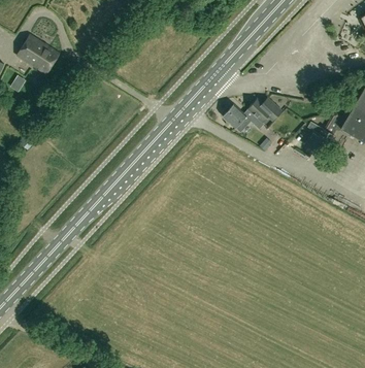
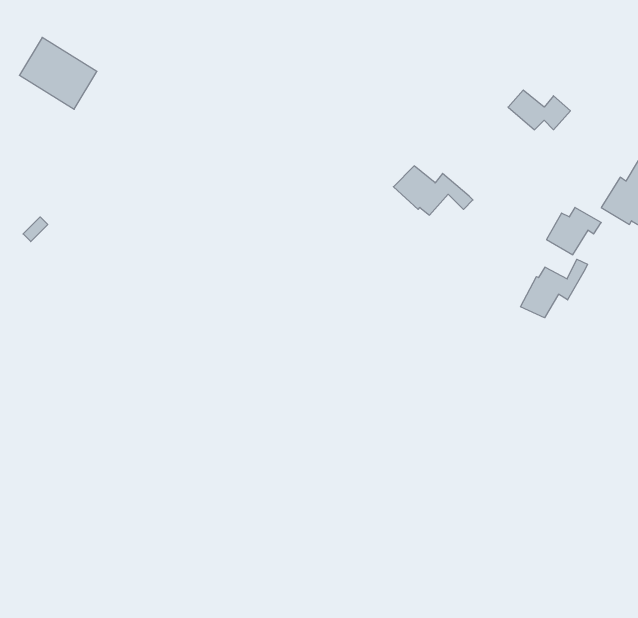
building: [248,100,283,122] -> [508,90,570,130]
building: none -> [521,259,588,318]

